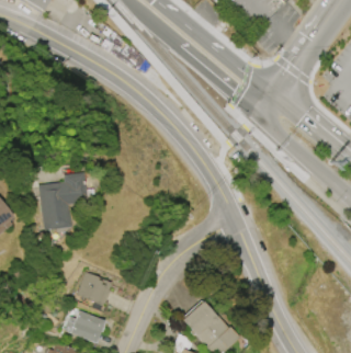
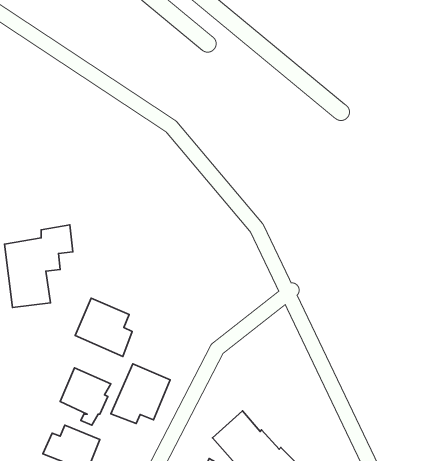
building: none -> [75,298,132,357]
building: none -> [111,364,170,423]

